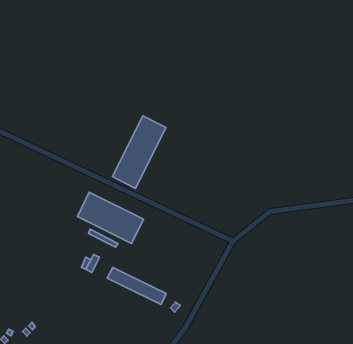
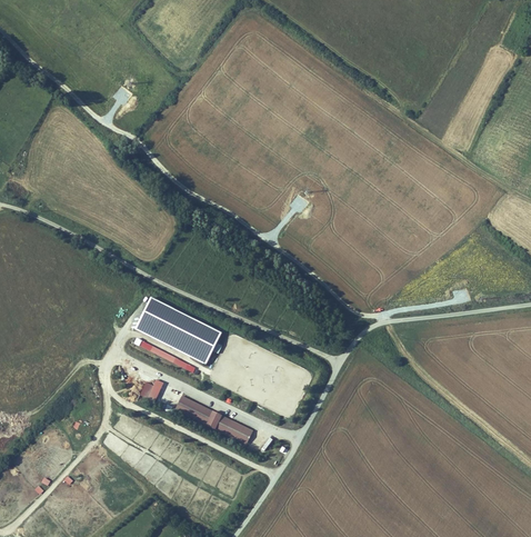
building: [113,116,166,188] -> none

